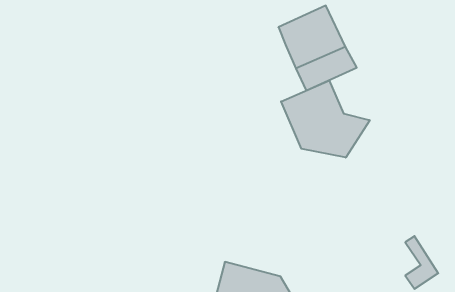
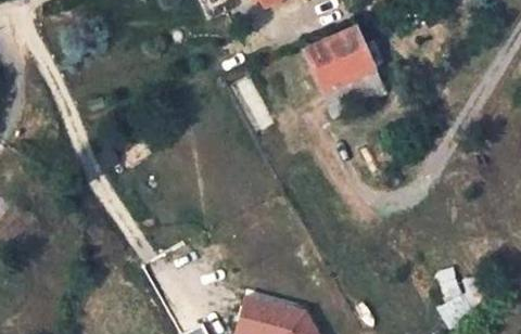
building: [281,80,370,158] -> none

